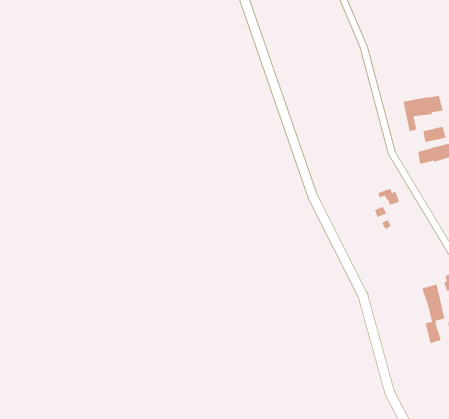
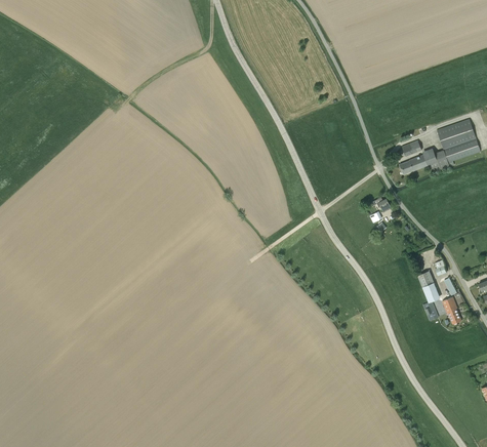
building: [403,95,443,132] -> none

